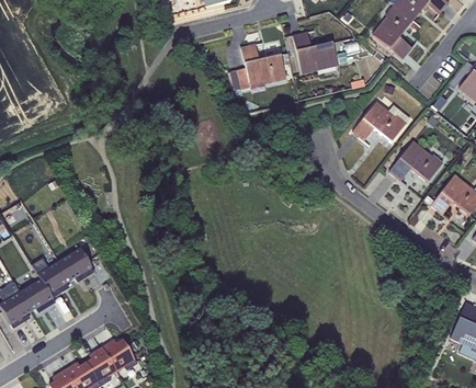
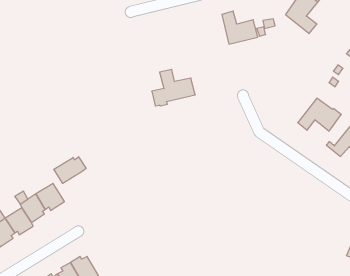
building: [230,44,285,90] -> [152,69,195,106]
building: [352,102,410,141] -> none
building: none -> [54,157,86,183]

